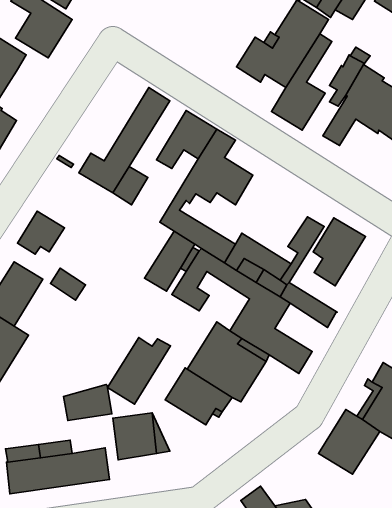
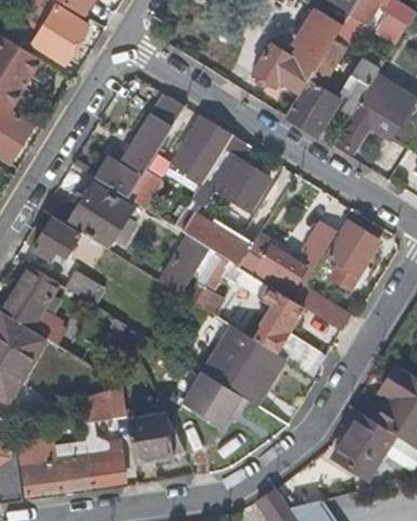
building: none -> [67,182,131,247]
building: [108,337,170,404] -> none

